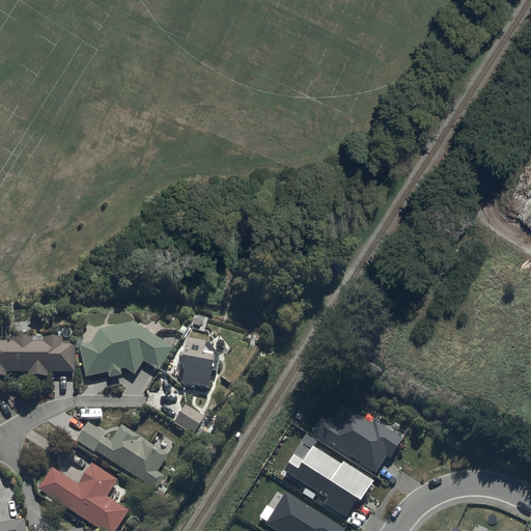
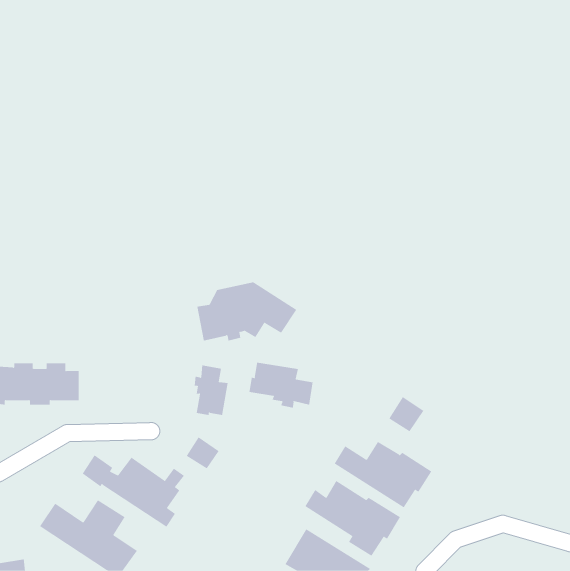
building: [79,322,172,376] -> [196,282,297,341]
building: none -> [249,362,313,408]
building: none -> [388,396,424,432]

